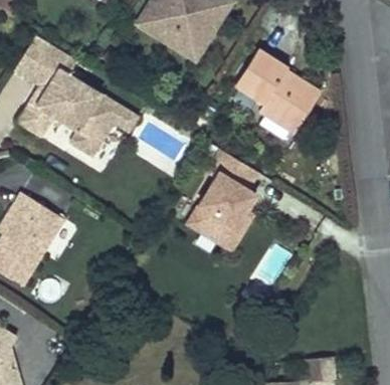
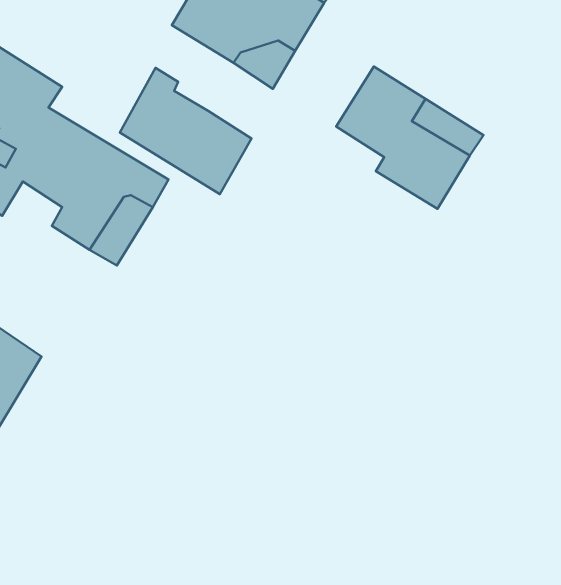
building: none -> [120,68,251,194]
building: [185,149,260,253] -> none

